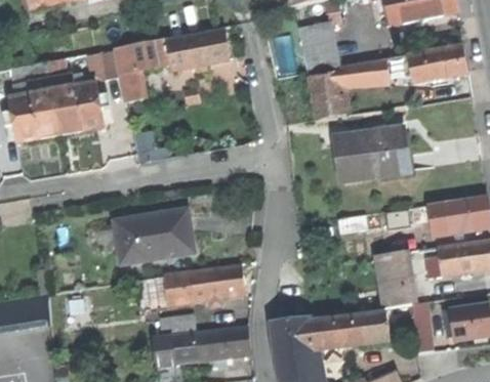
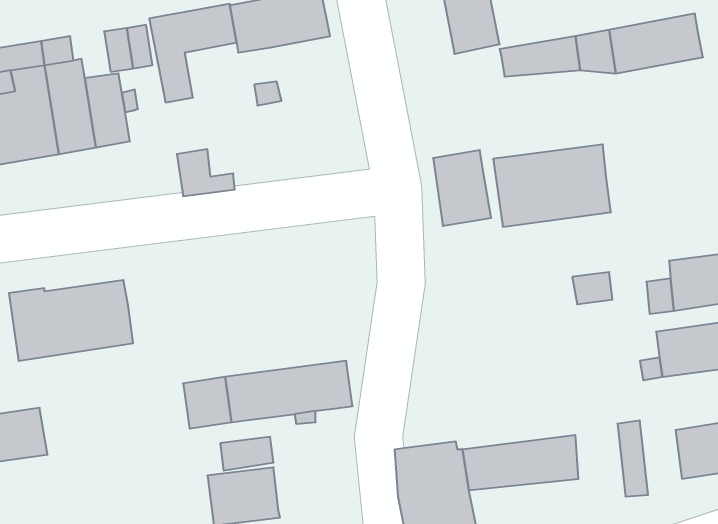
building: [310,72,346,120] -> [433,150,491,226]
building: [115,212,194,263] -> [9,280,133,361]
building: [377,251,413,308] -> none
building: [195,327,250,360] -> none

